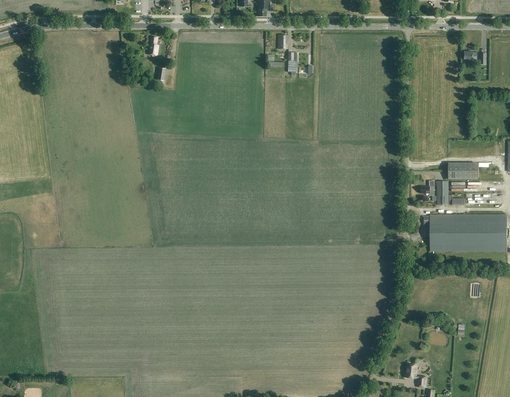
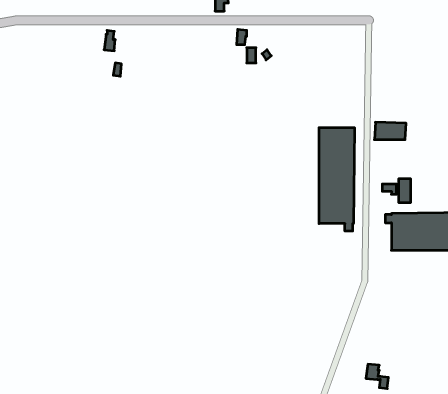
building: none -> [319,128,354,231]
building: [448,162,479,179] -> [374,122,406,140]

